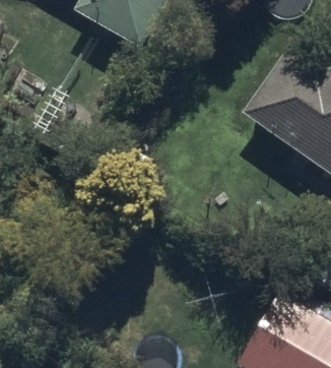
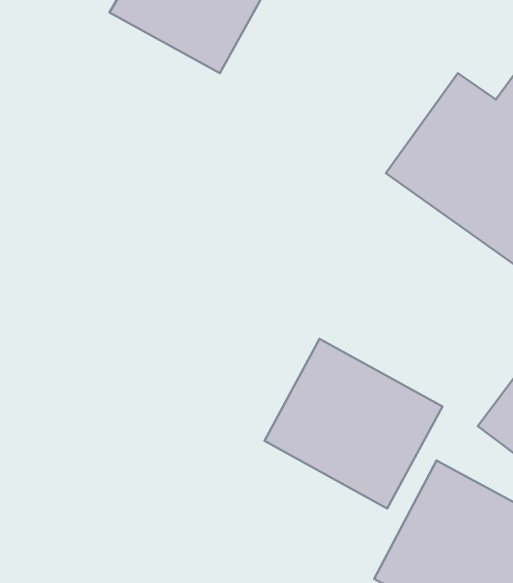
building: none -> [264,339,442,508]

